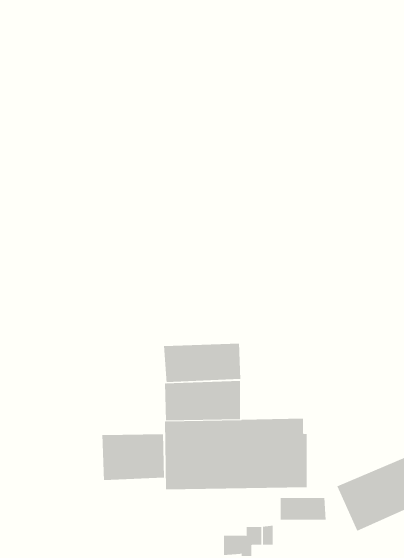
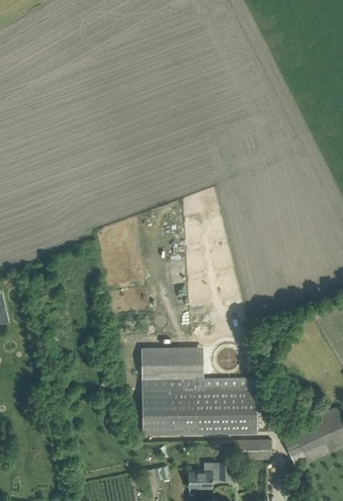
building: [164,343,241,383] -> none
building: [102,433,164,481] -> none

